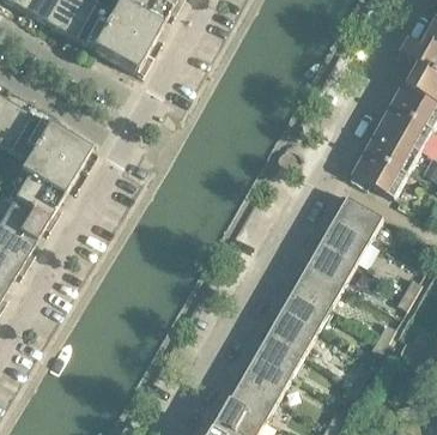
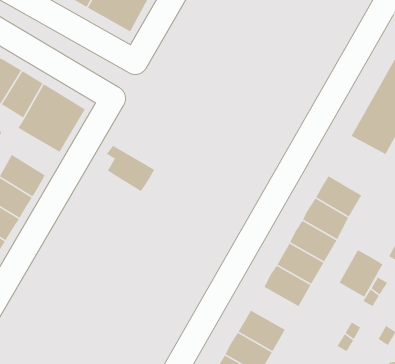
building: [12,169,62,217] -> [106,145,155,192]
building: [335,195,383,237] -> none
building: none -> [338,249,384,298]
building: [256,331,305,374] -> none

